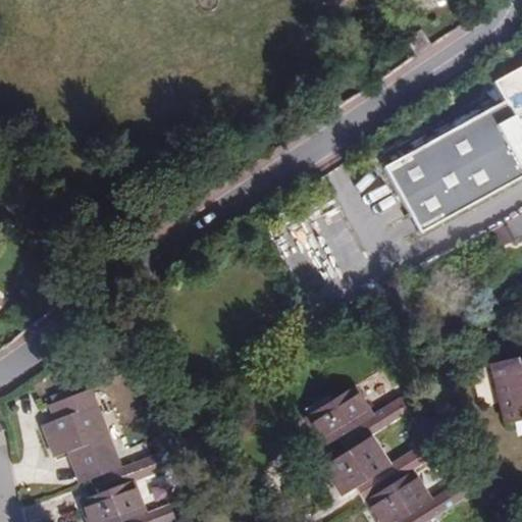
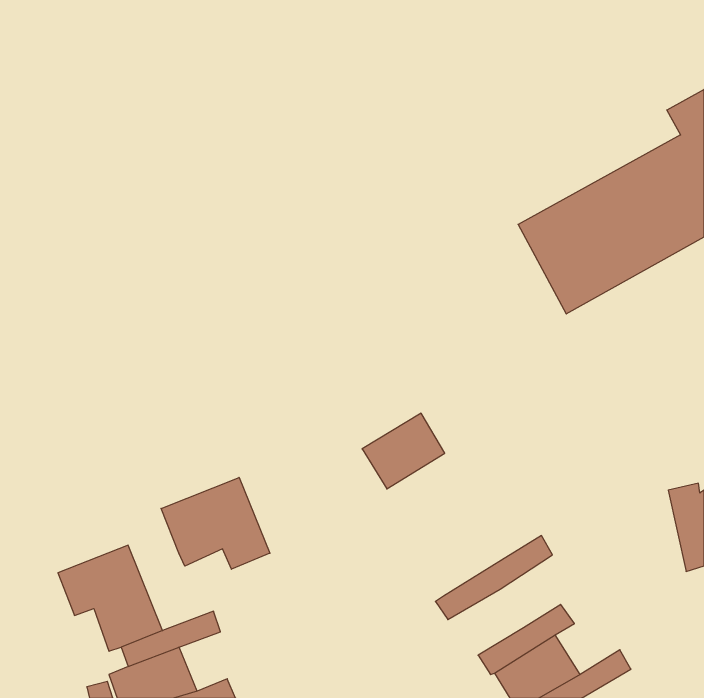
building: none -> [161,477,270,569]
building: [310,385,371,441] -> [362,413,445,489]
building: [322,436,387,493] -> none

